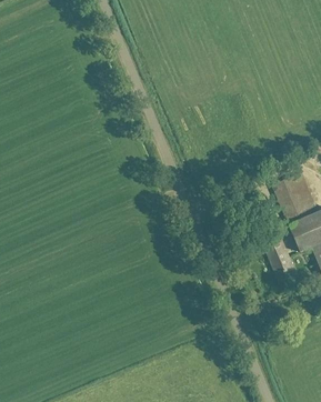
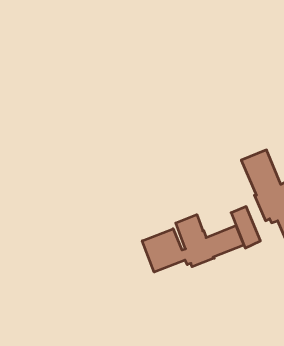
building: none -> [142,215,244,272]

